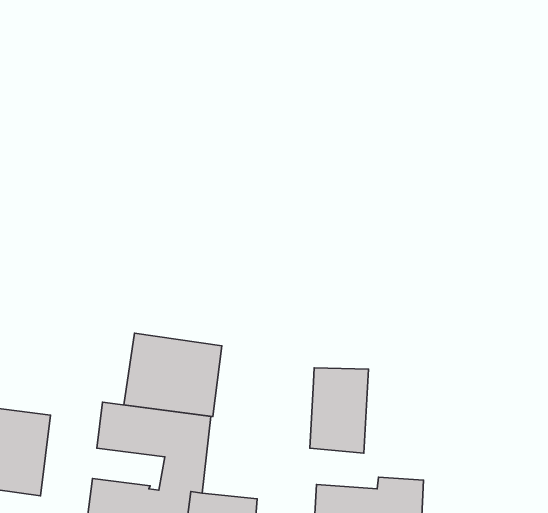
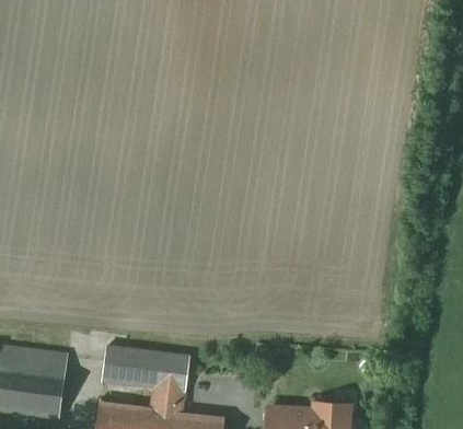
building: [124,333,222,417] -> none
building: [310,368,368,453] -> none

